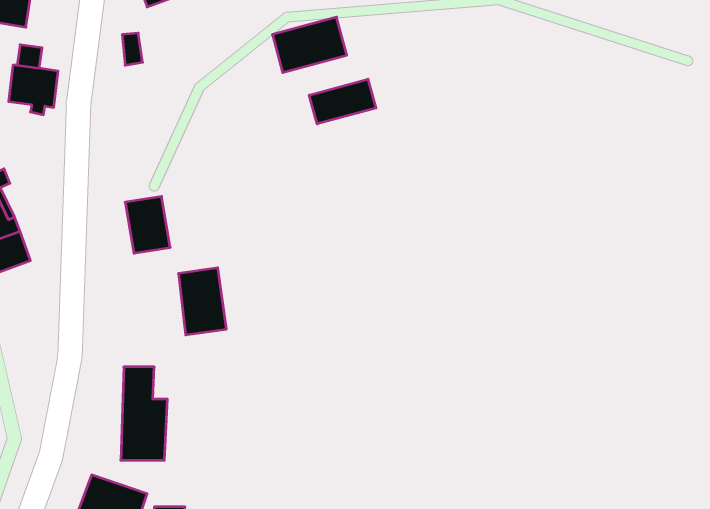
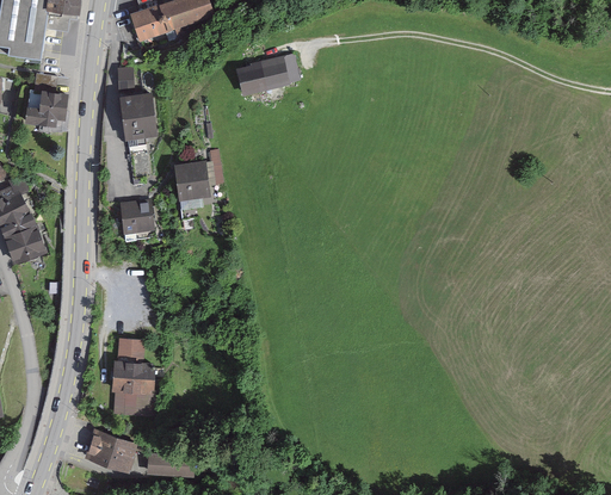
building: none -> [117,92,160,181]
building: [309,79,376,124] -> none
building: [178,268,226,335] -> [174,162,214,217]

